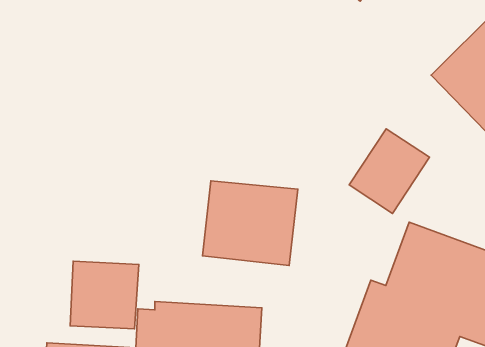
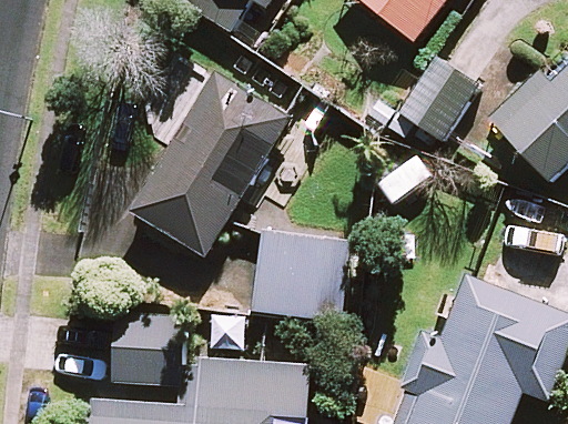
building: none -> [131,72,286,253]
building: [349,129,430,213] -> [398,53,483,142]

